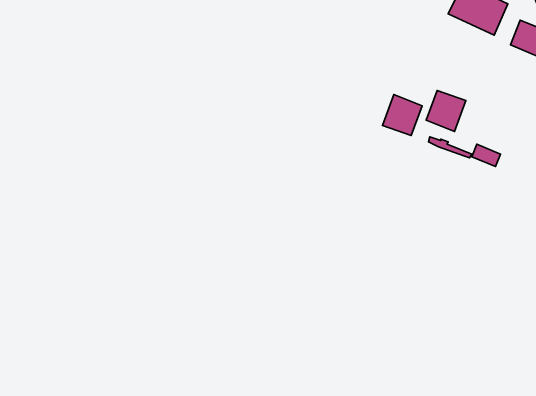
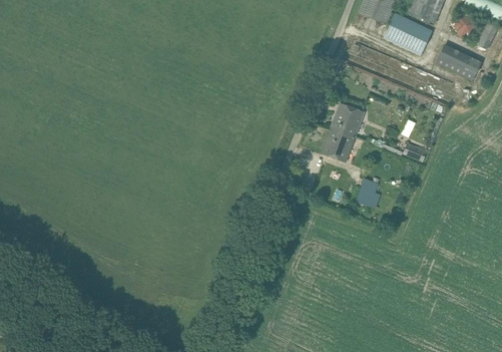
building: [426,90,466,131] -> [323,128,355,161]
building: none -> [358,178,387,209]

